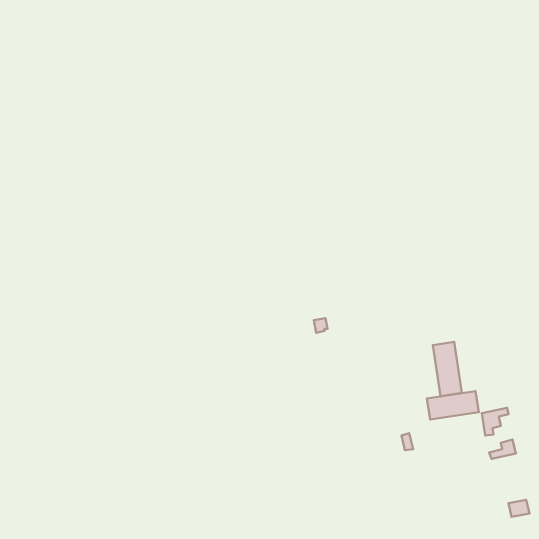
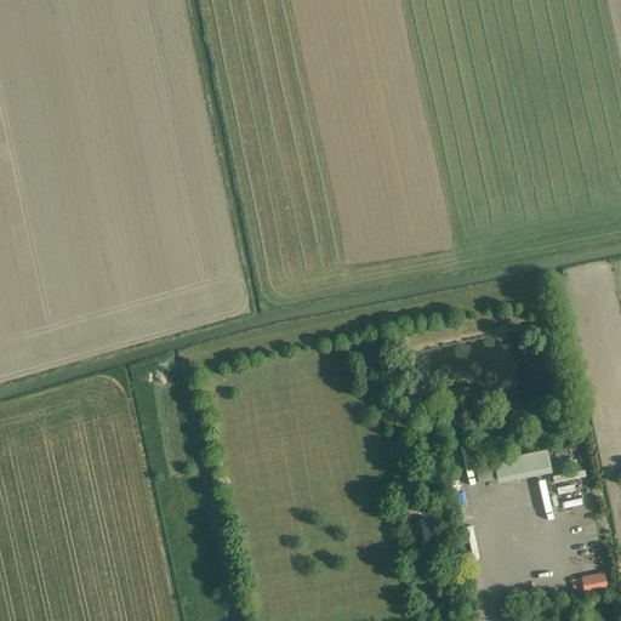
building: [433,342,462,396] -> none

